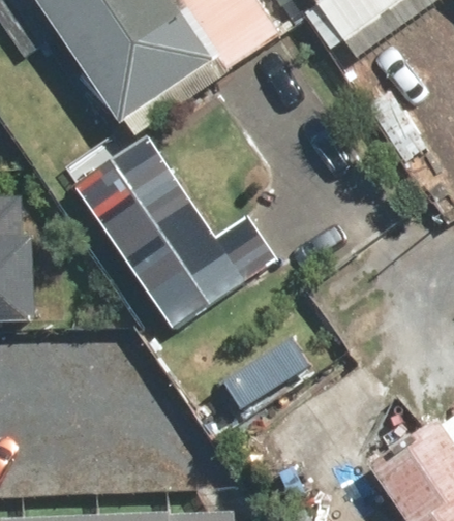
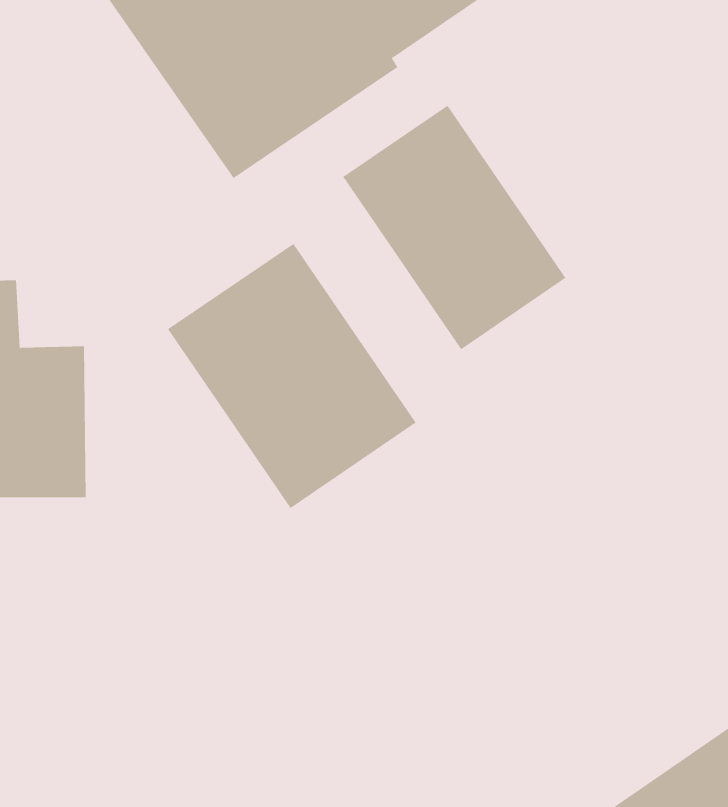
building: none -> [343,105,566,350]

